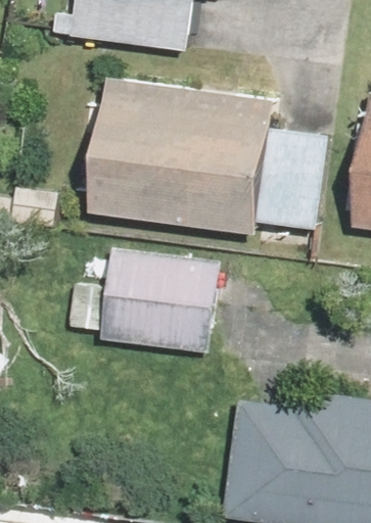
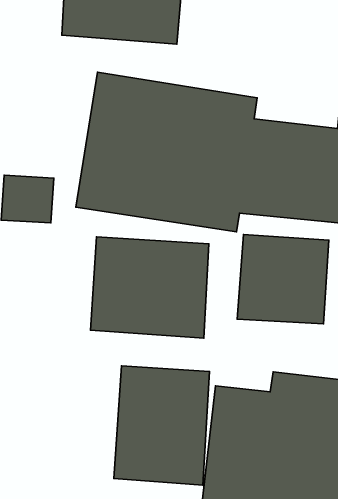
building: none -> [237,235,329,324]
building: none -> [114,366,209,485]

